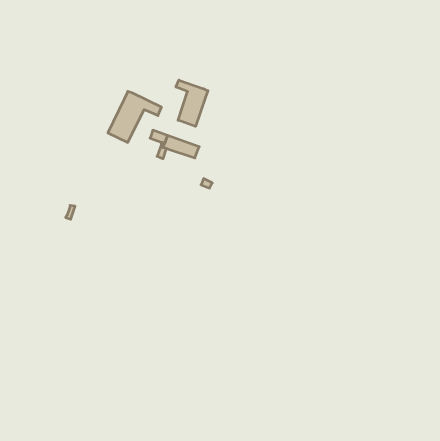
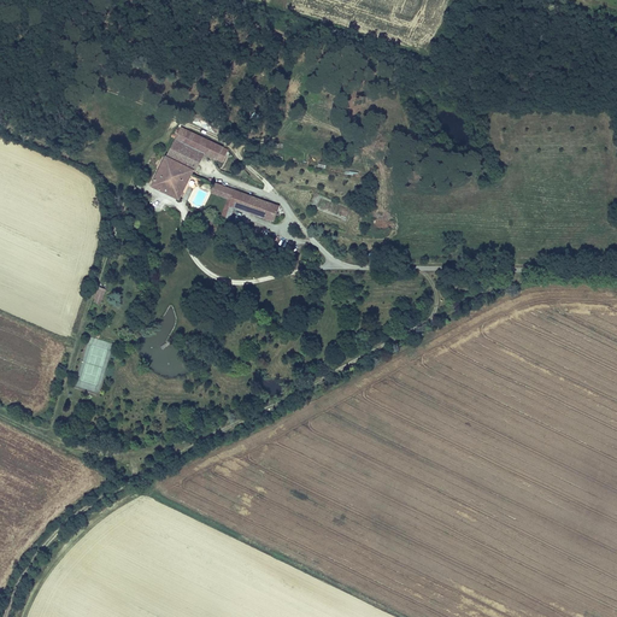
building: [176,80,208,126] -> none

